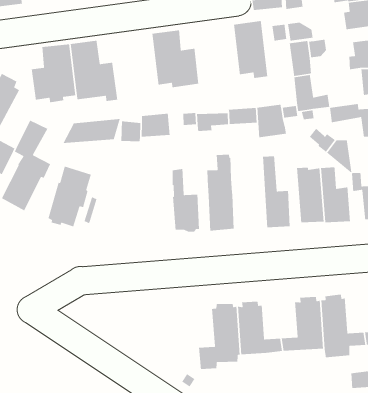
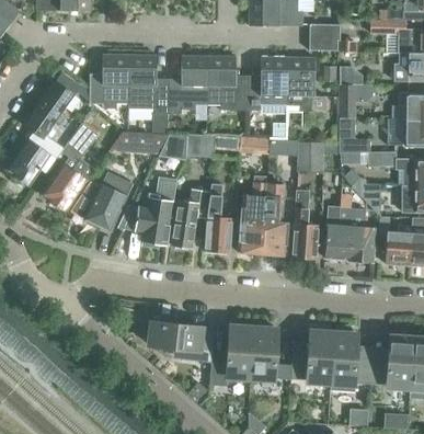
building: none -> [247,58,287,113]
building: none -> [168,56,208,116]
building: none -> [261,185,288,256]
building: none -> [135,176,175,245]
building: none -> [171,189,208,248]
building: none -> [150,316,213,361]

